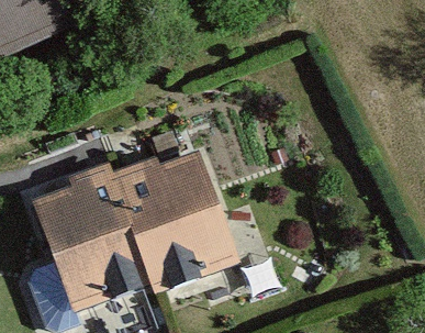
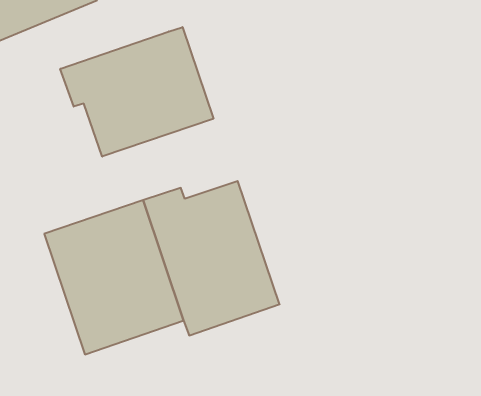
building: none -> [60,27,213,157]

